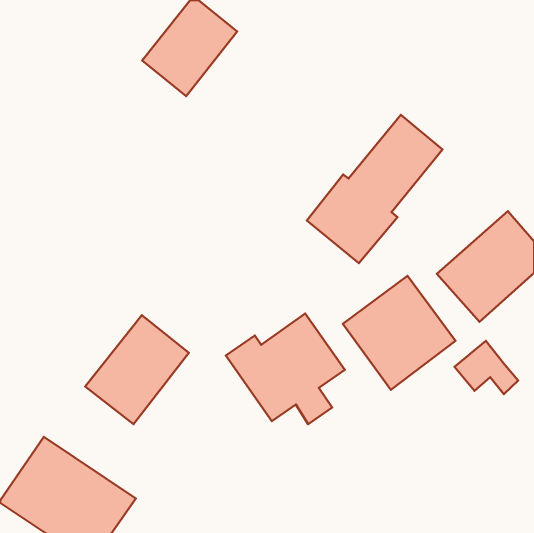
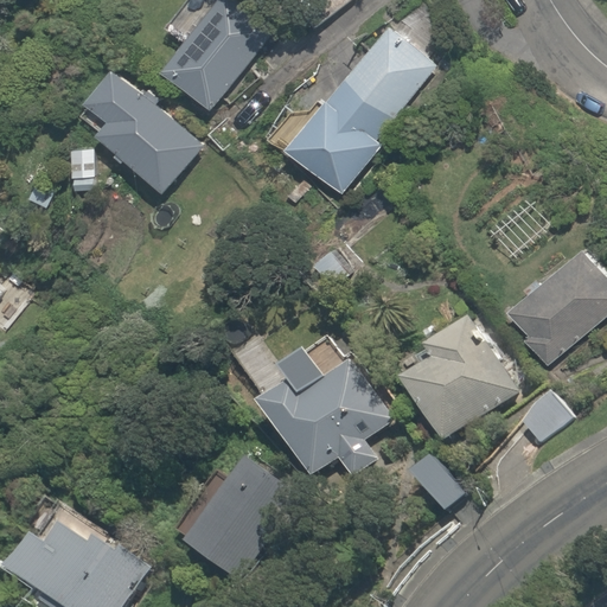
building: none -> [83,68,206,190]
building: [307,115,443,263] -> [285,25,439,193]
building: [85,315,189,424] -> [178,459,295,582]
building: none -> [403,452,468,518]

